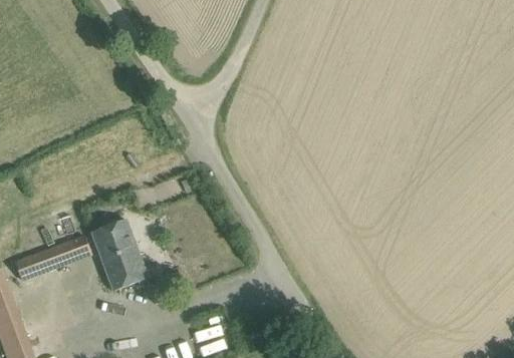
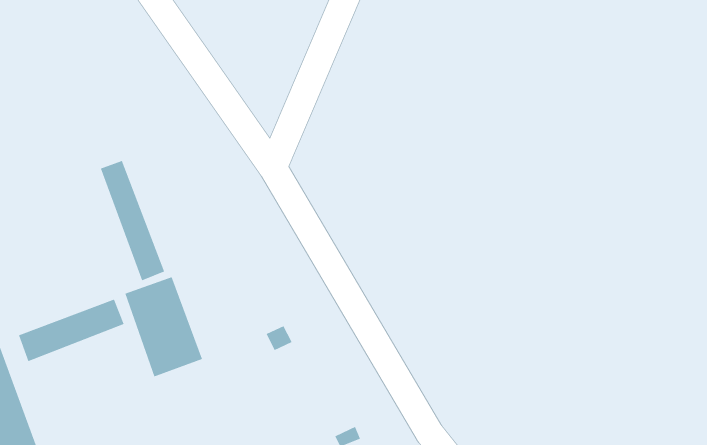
building: none -> [100,160,165,281]

